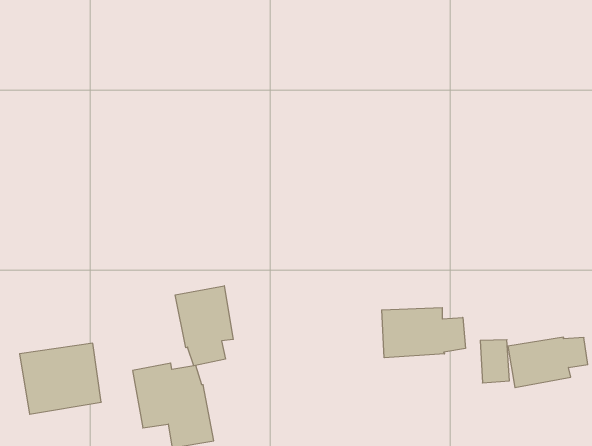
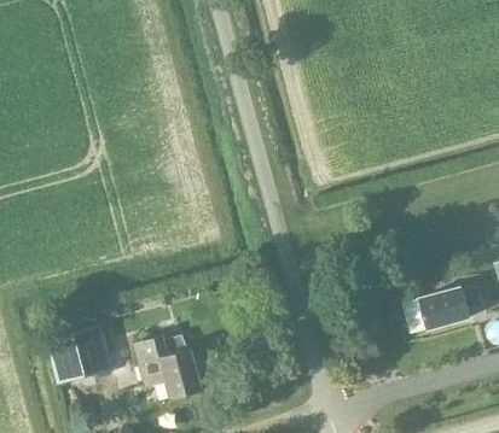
building: [175,286,233,366] -> none
building: [382,308,465,358] -> none

